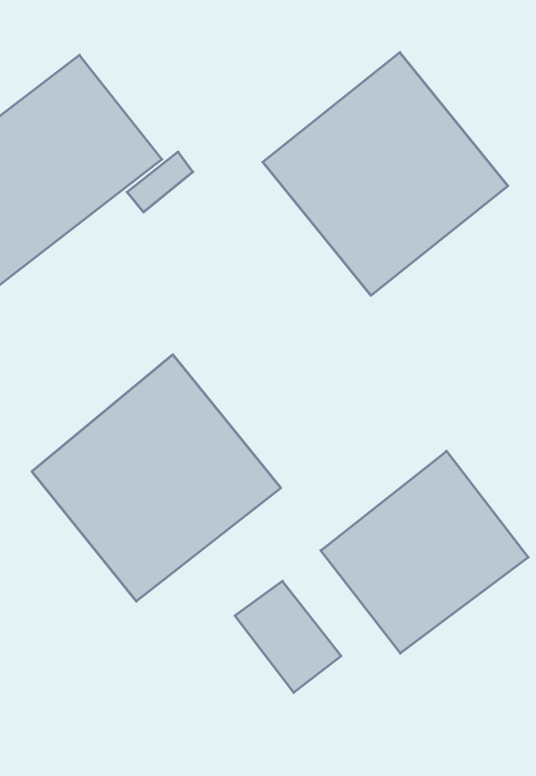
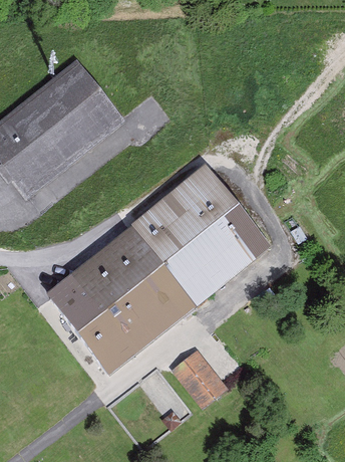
building: [263,52,508,295] -> [129,167,264,300]
building: [321,451,528,653] -> none

